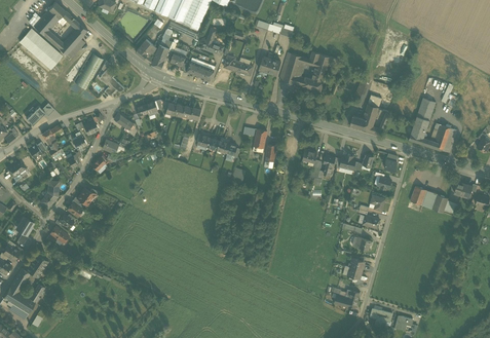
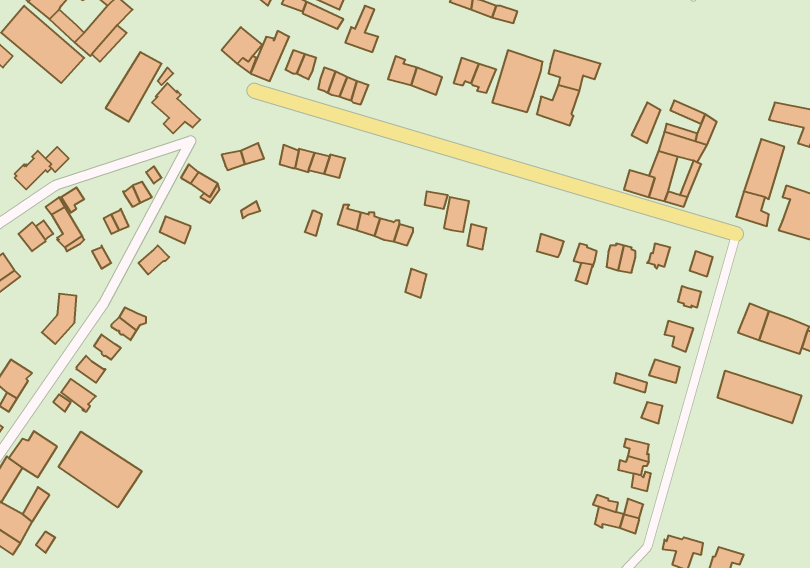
building: none -> [718,371,801,423]
building: none -> [59,432,142,507]

